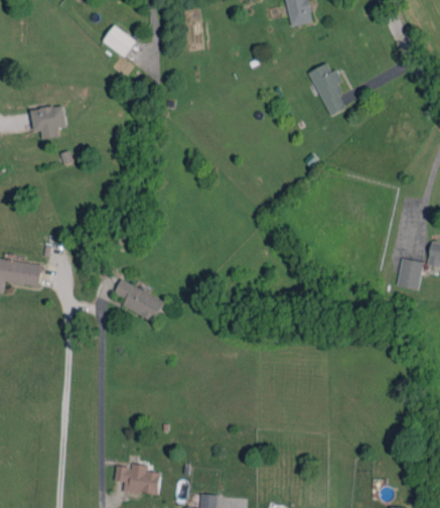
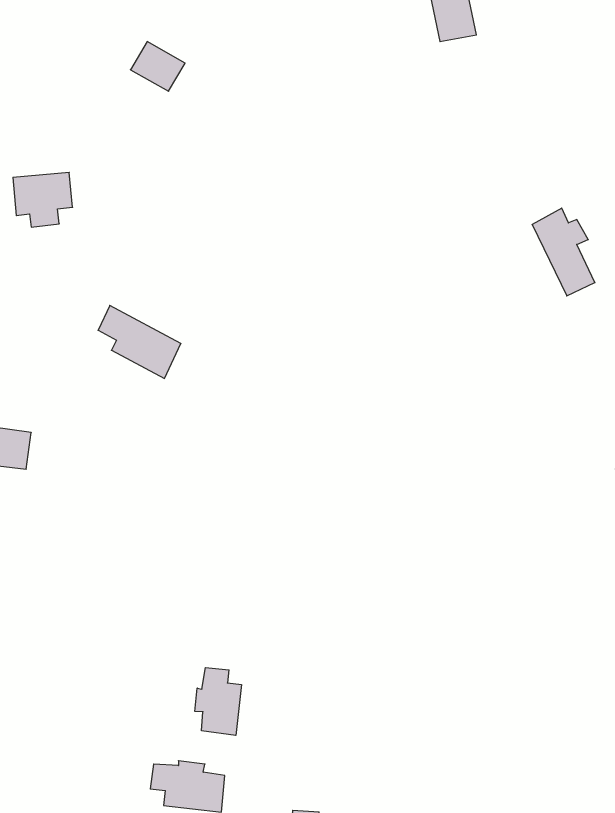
building: [309,62,347,116] -> [532,208,595,296]
building: [115,278,165,323] -> [98,305,181,378]
building: none -> [195,668,241,735]

